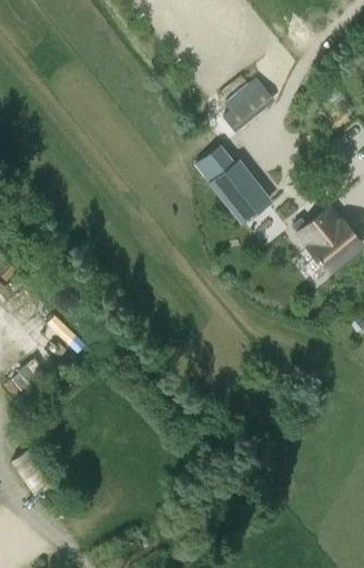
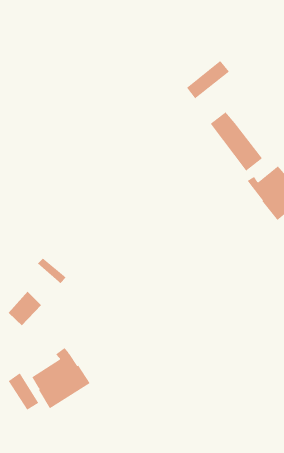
building: [202,153,264,223] -> [210,112,263,171]
building: none -> [31,347,91,409]

